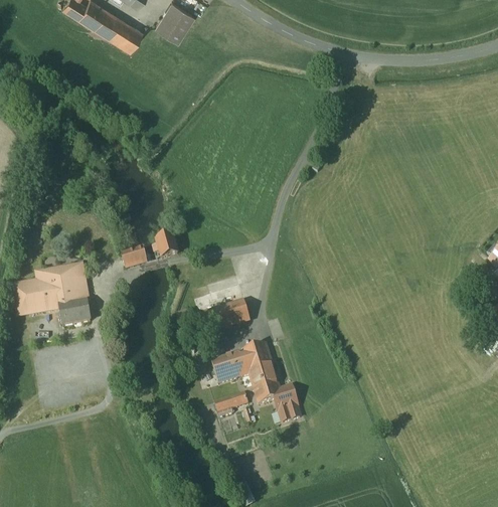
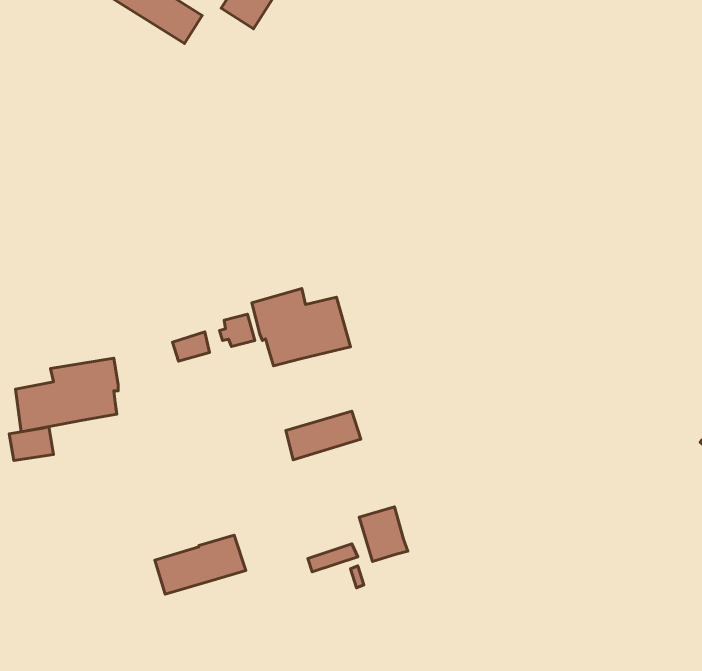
building: none -> [252,289,350,366]
building: [60,302,91,325] -> [9,427,53,460]
building: [211,342,274,382] -> [155,535,246,594]
building: [275,384,300,420] -> none

